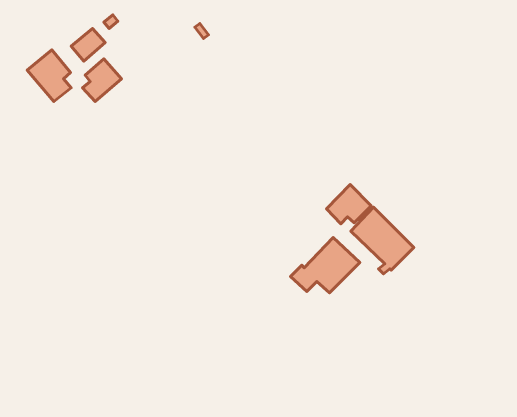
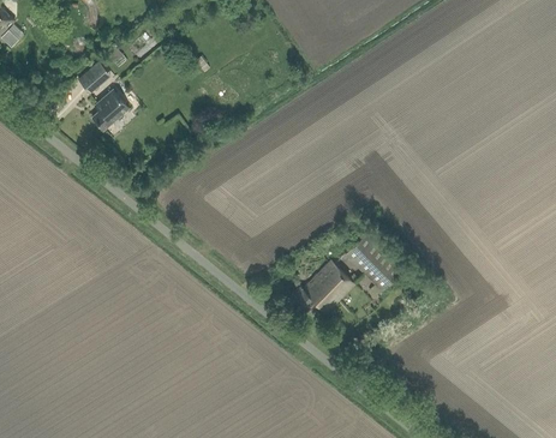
building: [27,50,71,101] -> none
building: [327,185,371,224] -> none

